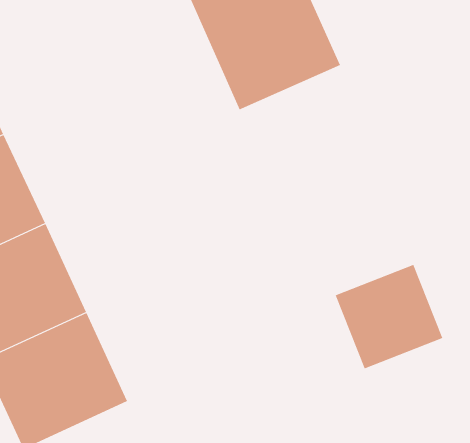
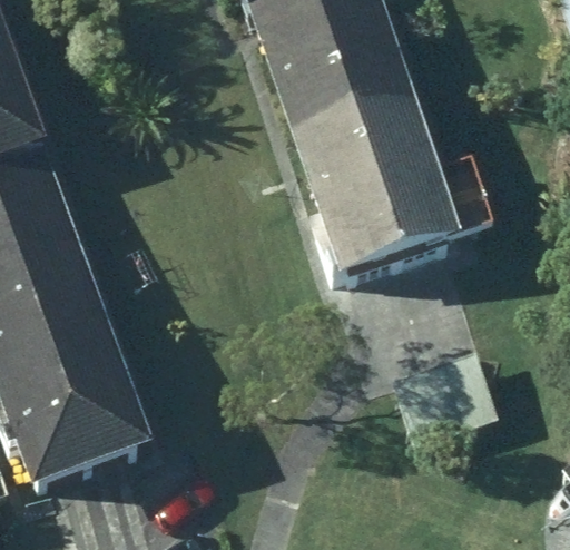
building: none -> [303,114,469,298]

